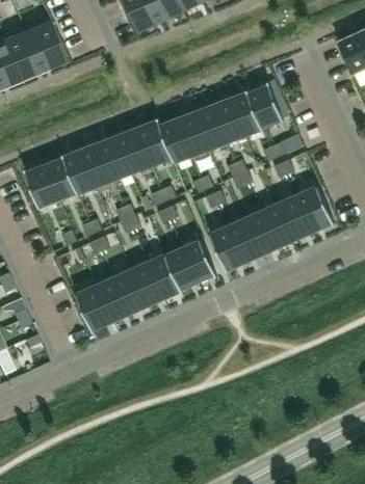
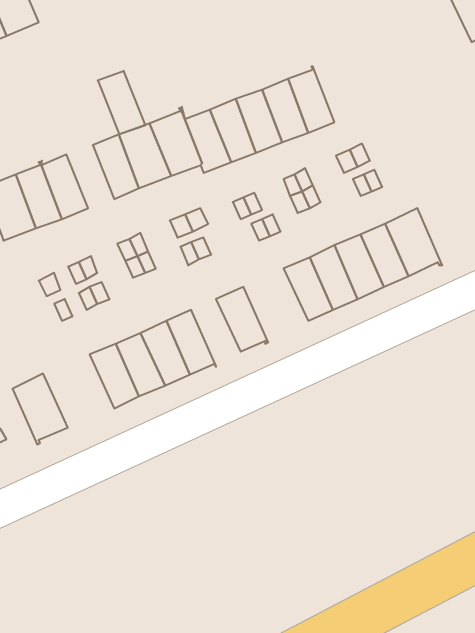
building: [247,82,284,128] -> none
building: [81,143,113,186] -> [98,71,145,134]
building: [210,226,244,272] -> none
building: [165,247,199,292] -> none
building: [76,285,113,332] -> [12,374,68,444]

